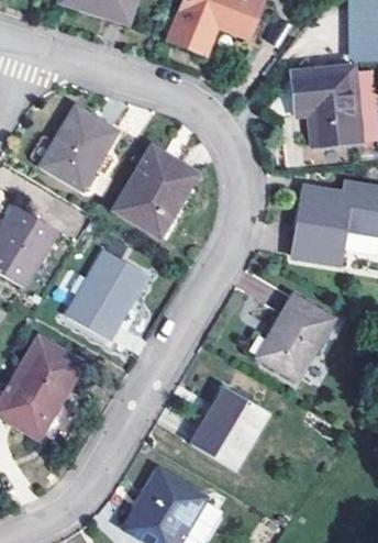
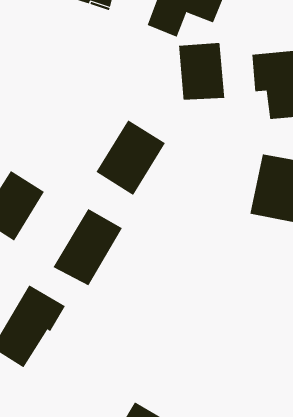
building: none -> [178,42,225,100]
building: [41,107,115,188] -> none
building: [256,297,332,381] -> none
building: [190,390,267,472] -> none

